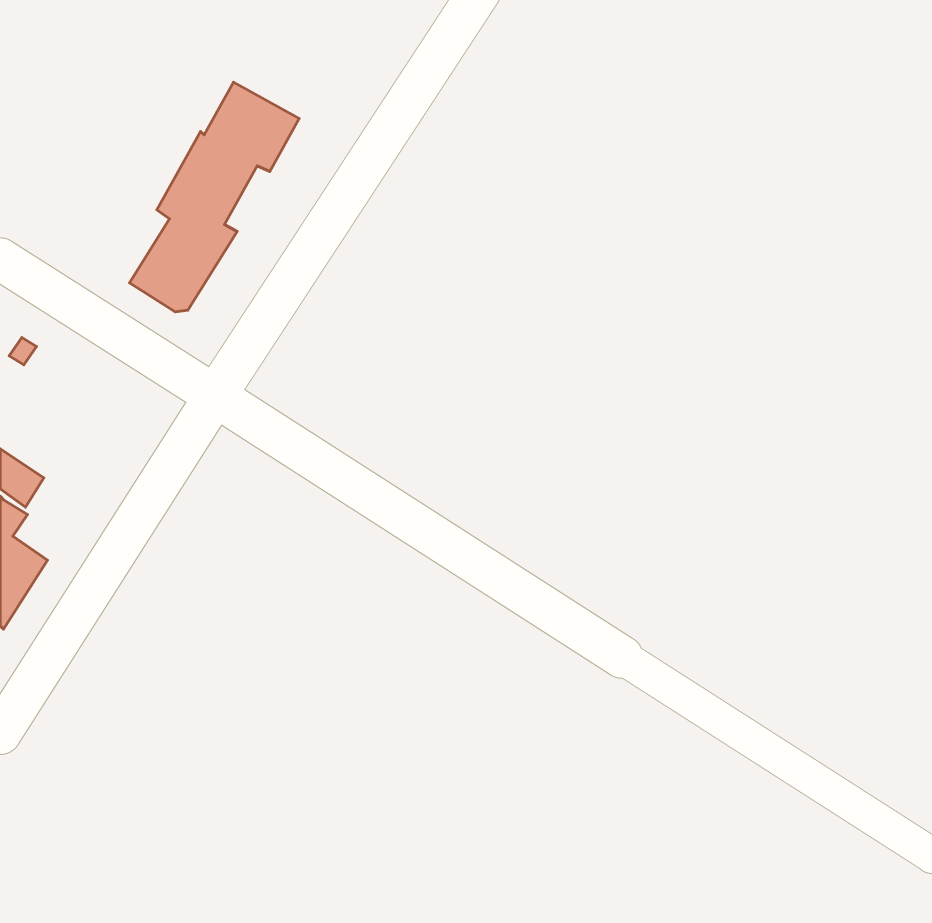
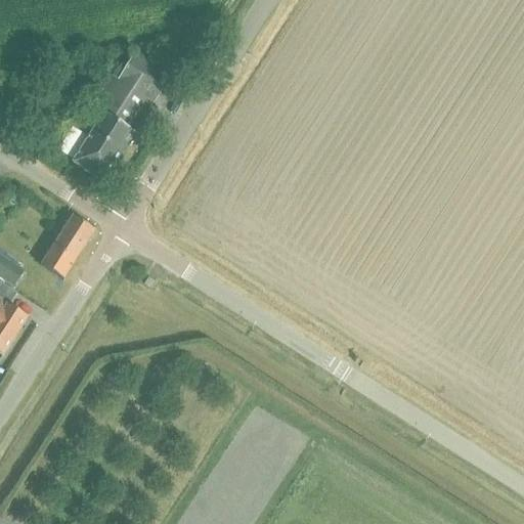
building: none -> [40,213,94,276]

